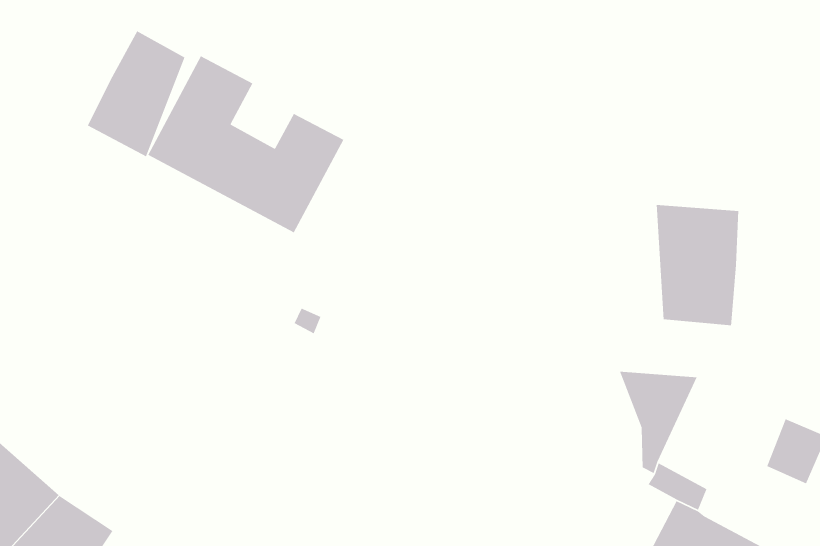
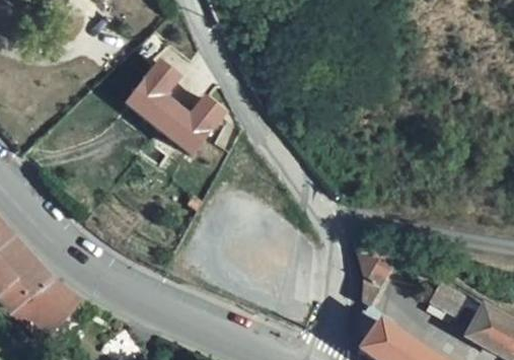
building: [87,30,185,158] -> none
building: [656,204,739,326] -> none

